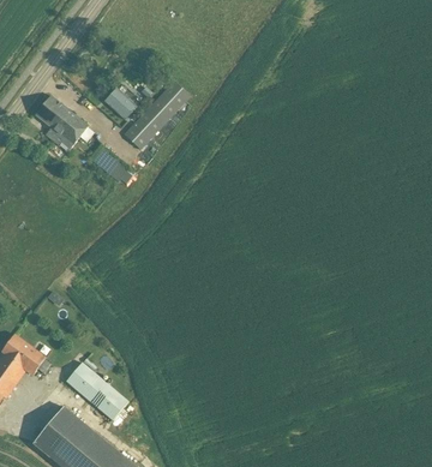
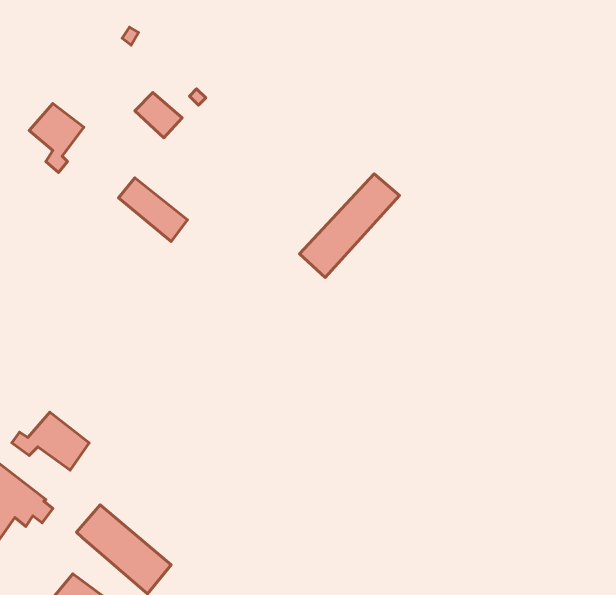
building: [126,82,192,150] -> [300,174,400,277]
building: [54,112,88,151] -> none
building: none -> [12,412,89,470]

